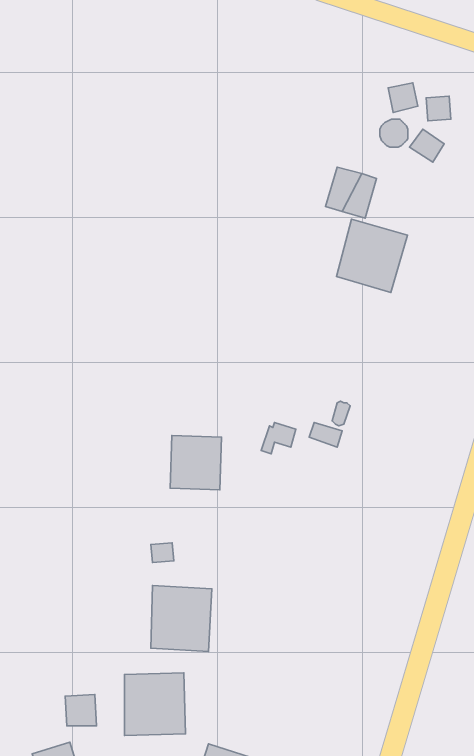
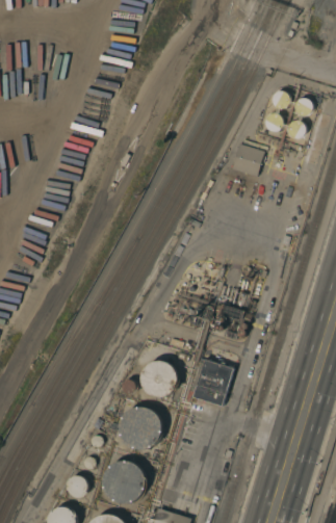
building: [337,219,407,292] -> none
building: [170,435,221,490] -> [141,362,174,396]
building: none -> [192,359,233,406]

